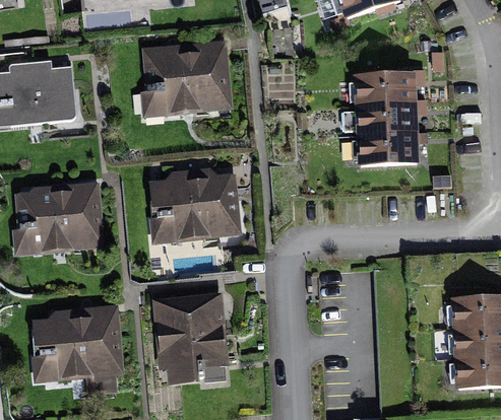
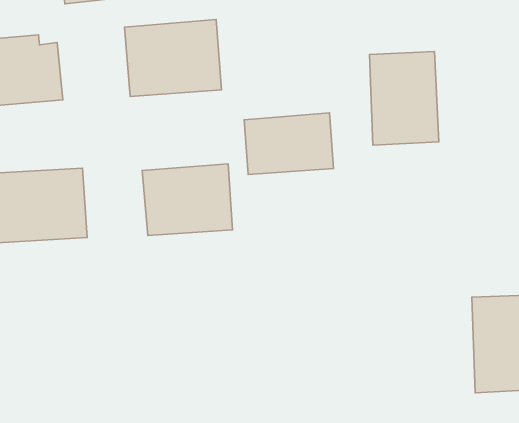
building: none -> [244,113,334,175]
building: [155,297,228,380] -> none
building: [33,305,121,379] -> none

